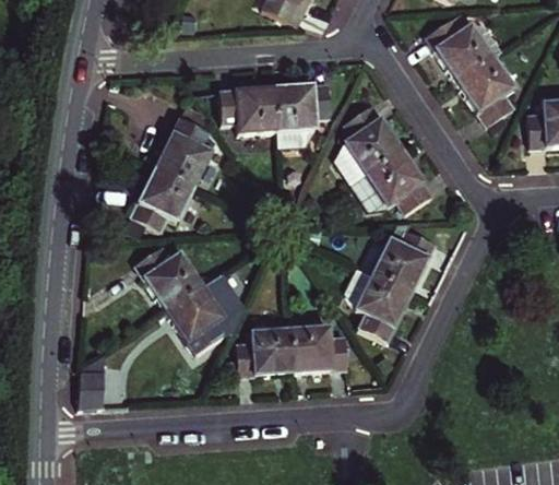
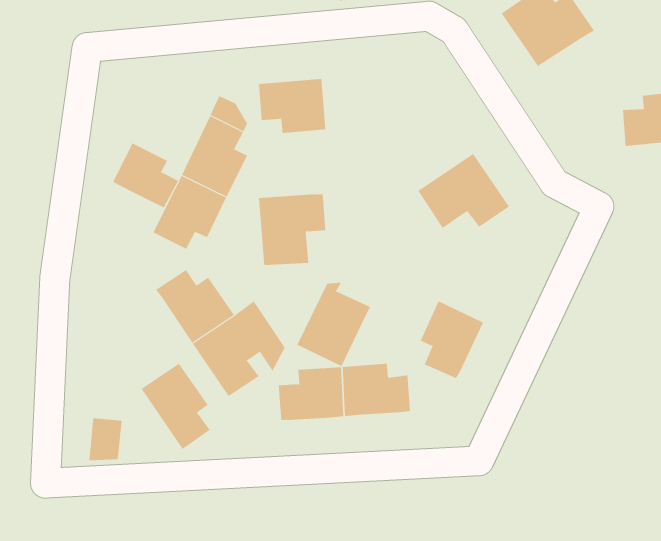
building: [454,54,512,122] -> none
building: [274,84,331,144] -> [258,194,326,266]
building: [332,105,401,182] -> none
building: none -> [113,143,179,208]
building: [371,221,433,292] -> [296,282,371,367]
building: none -> [141,363,210,450]

